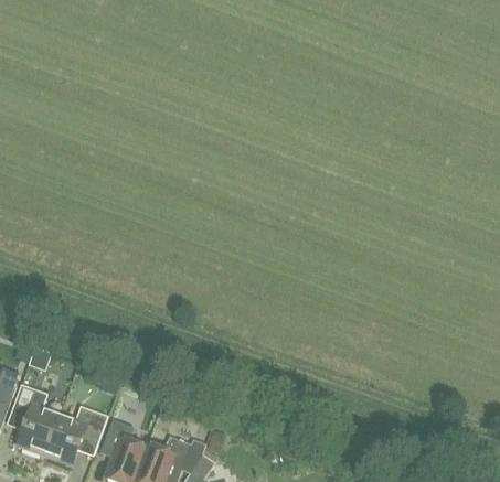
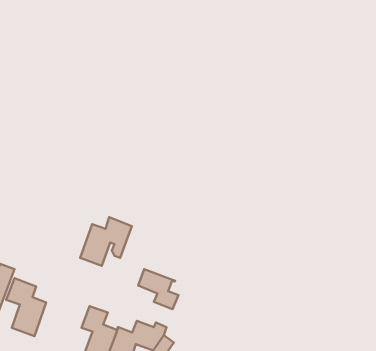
building: none -> [138,269,179,309]
building: [44,406,107,465] -> [80,217,132,266]

